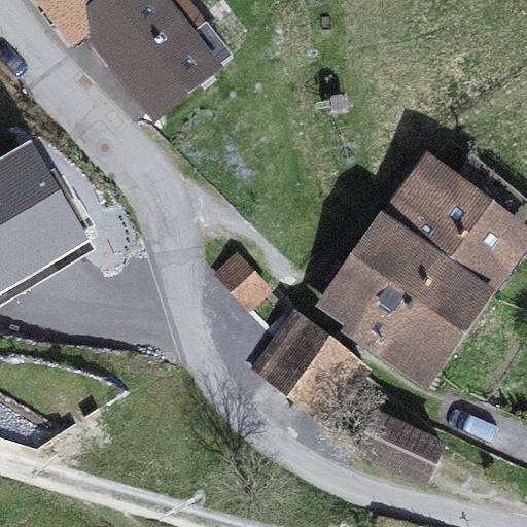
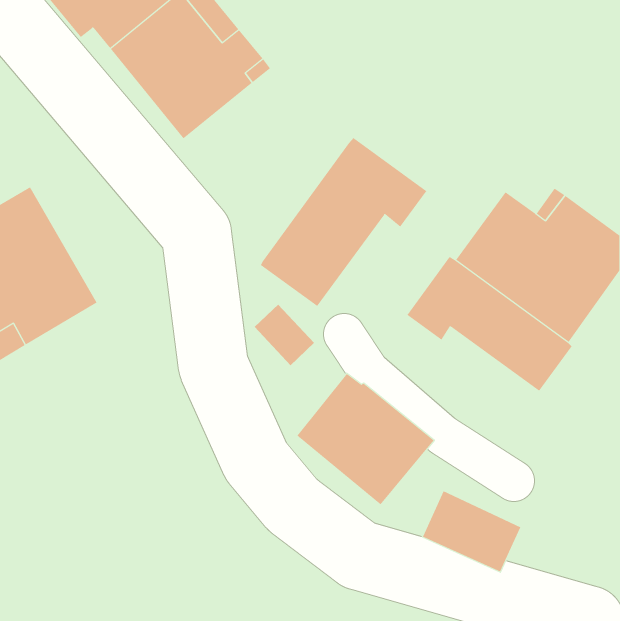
building: none -> [260,137,427,307]
building: [321,266,455,380] -> none

